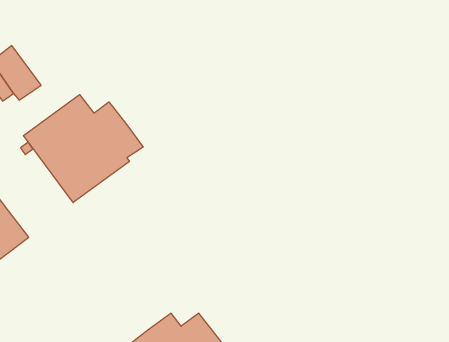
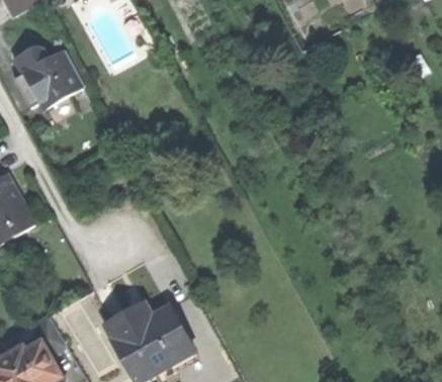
building: none -> [43,49,85,96]
building: [23,95,143,203] -> none

